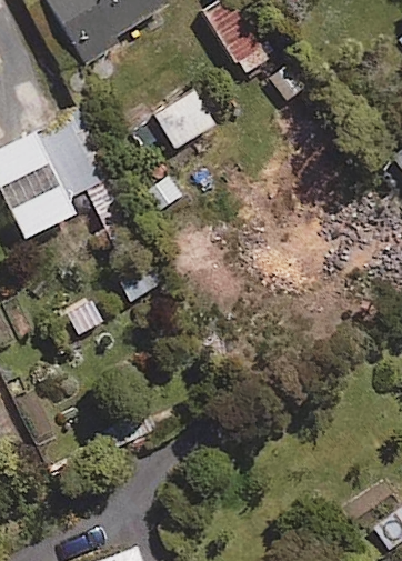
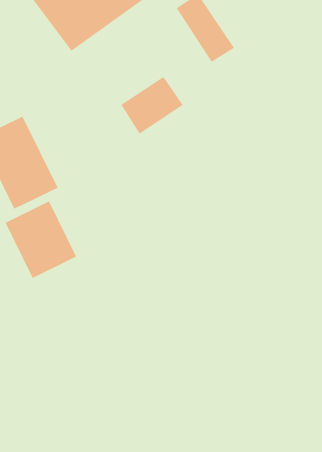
building: none -> [5,201,77,279]

